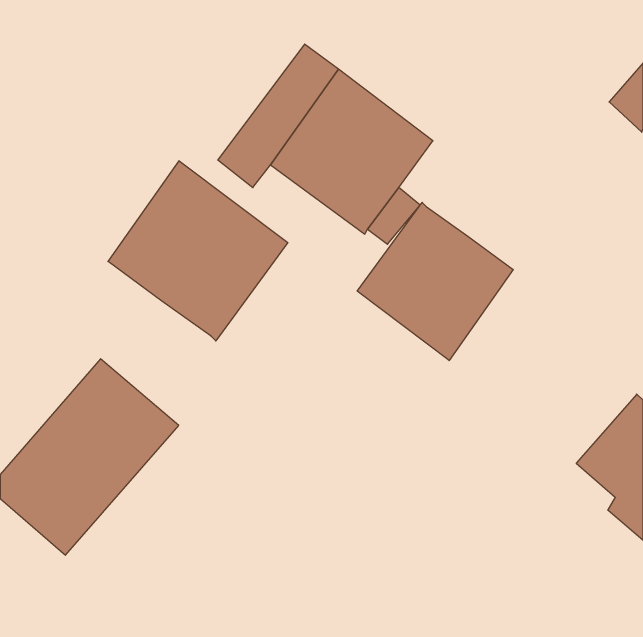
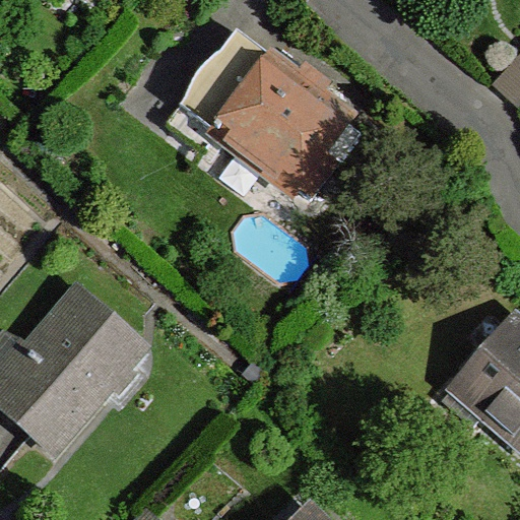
building: [108,161,288,341] -> none
building: [357,202,513,361] -> none

